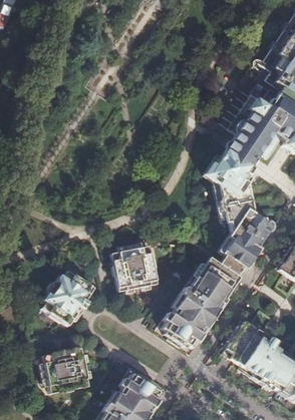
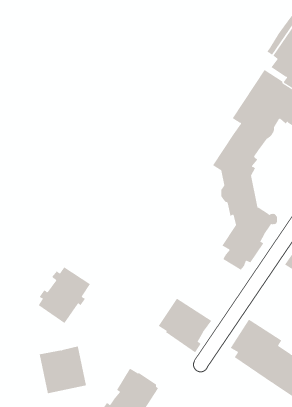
building: [112,245,159,290] -> none
building: [177,256,242,322] -> none

